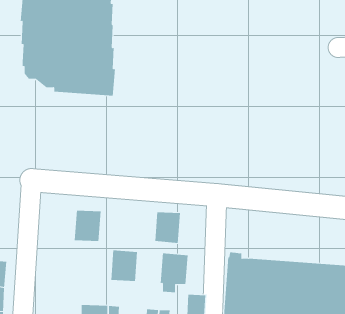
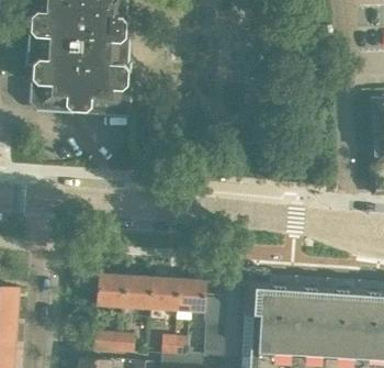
building: [74,210,101,242] -> [98,274,126,306]
building: [154,212,181,243] -> [150,277,178,310]

